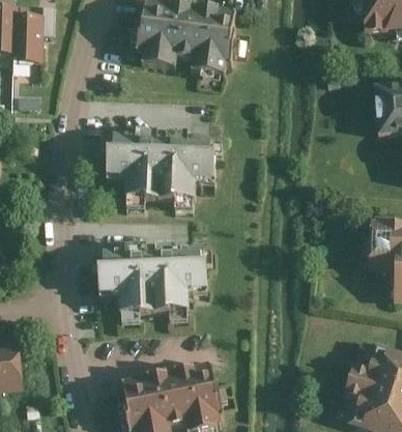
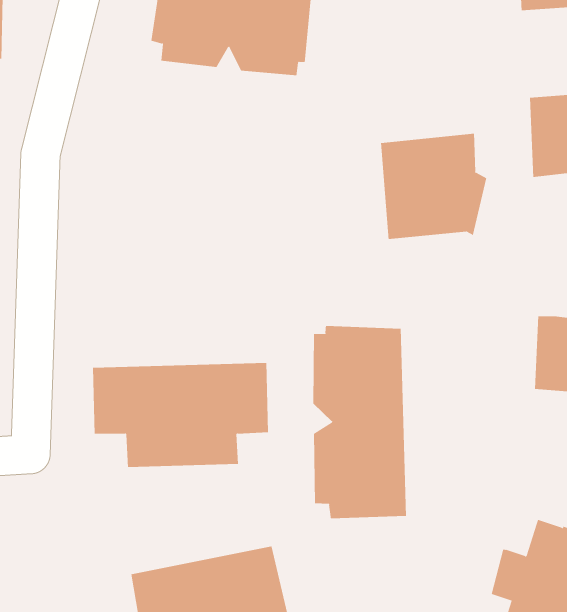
building: none -> [381,133,487,240]
building: [111,136,212,201] -> none
building: none -> [313,325,406,519]

